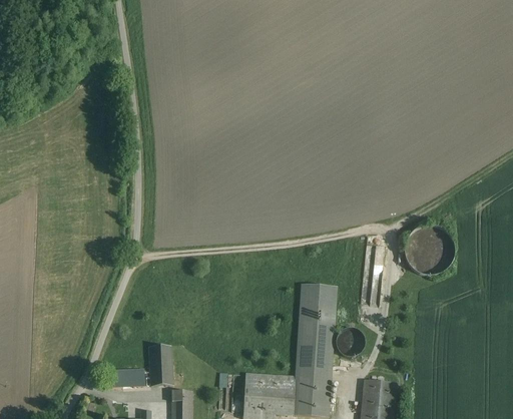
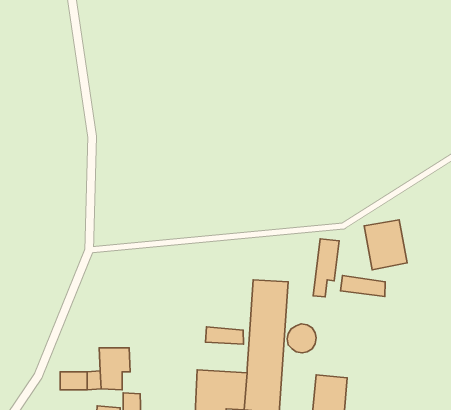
building: none -> [341,276,385,296]
building: none -> [206,327,243,344]

